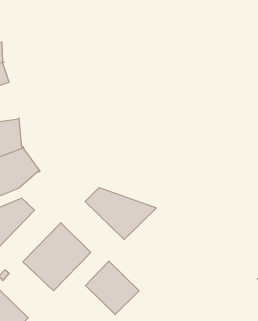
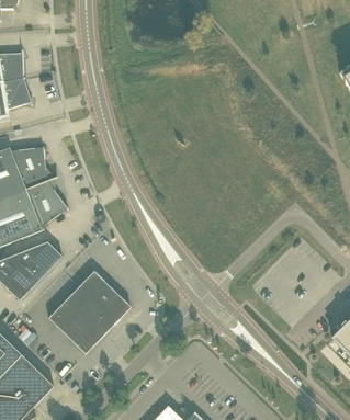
building: [85,188,156,240] -> none
building: [85,261,139,315] -> none

